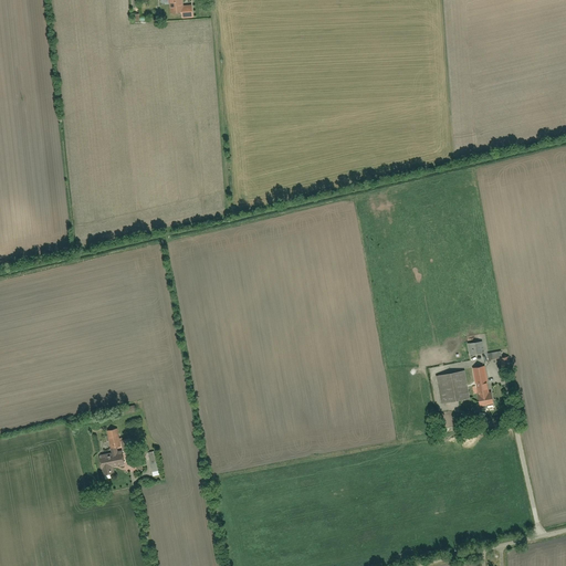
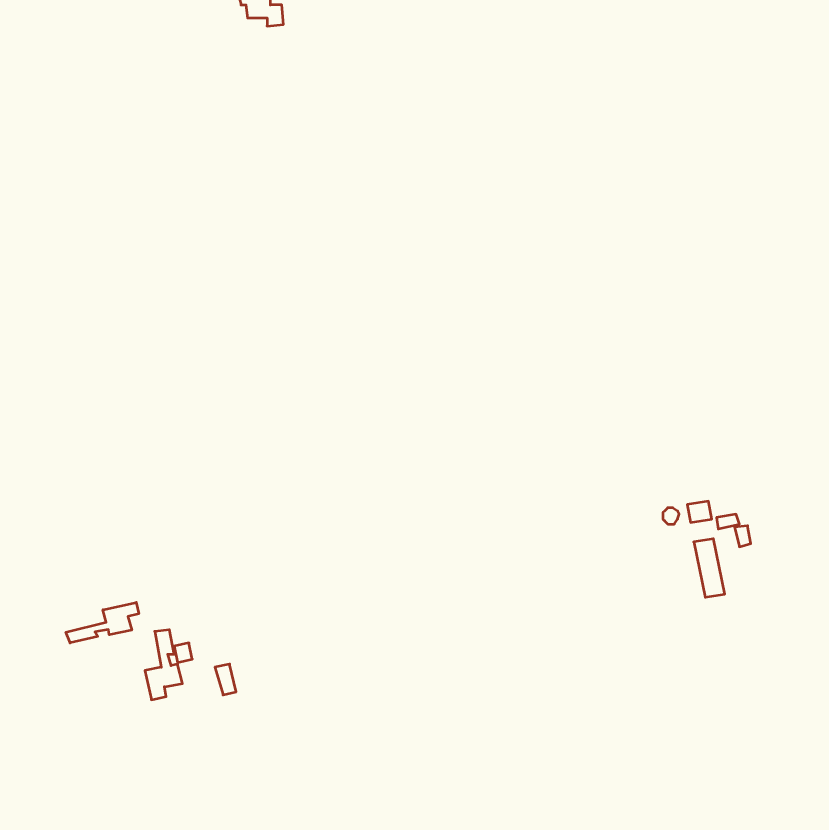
building: [434,370,469,403] -> none
building: none -> [66,602,139,643]

